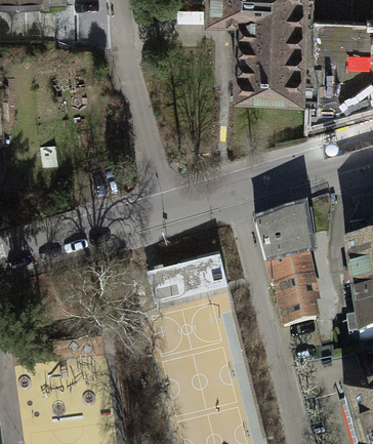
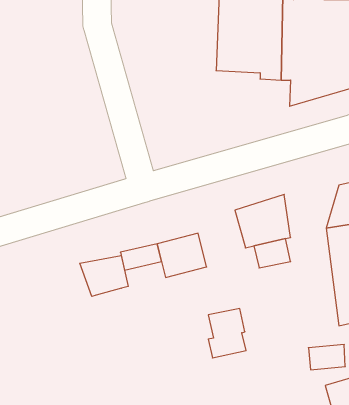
building: none -> [80,255,128,296]
building: [280,278,317,326] -> [208,309,246,358]

